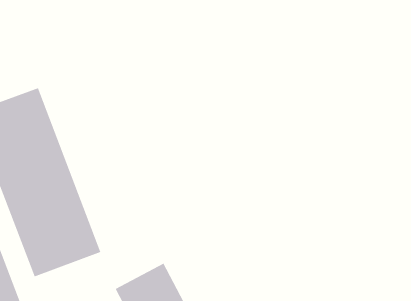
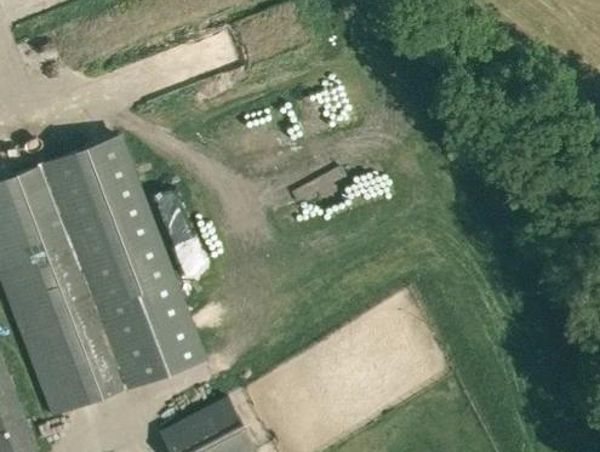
building: none -> [58,137,205,383]

